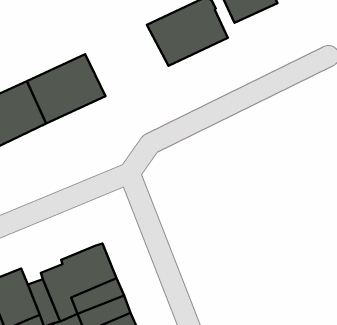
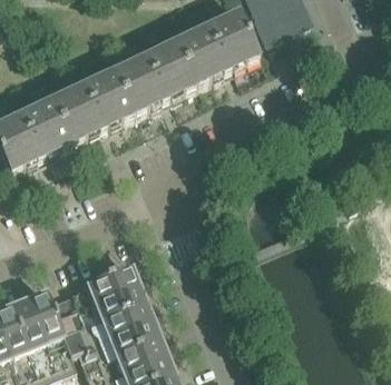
building: none -> [113,39,198,112]

